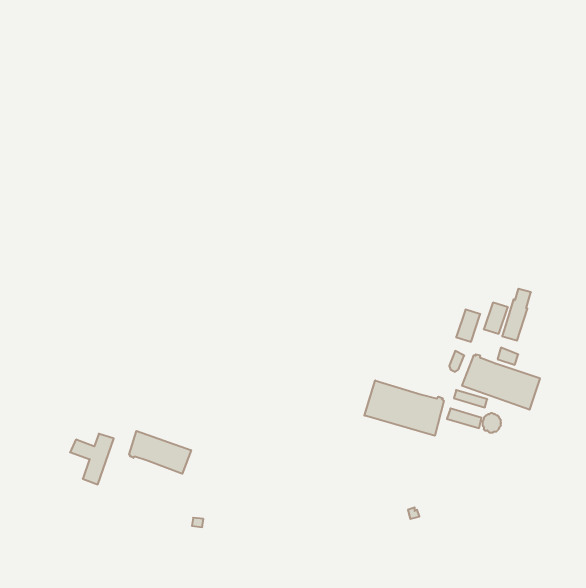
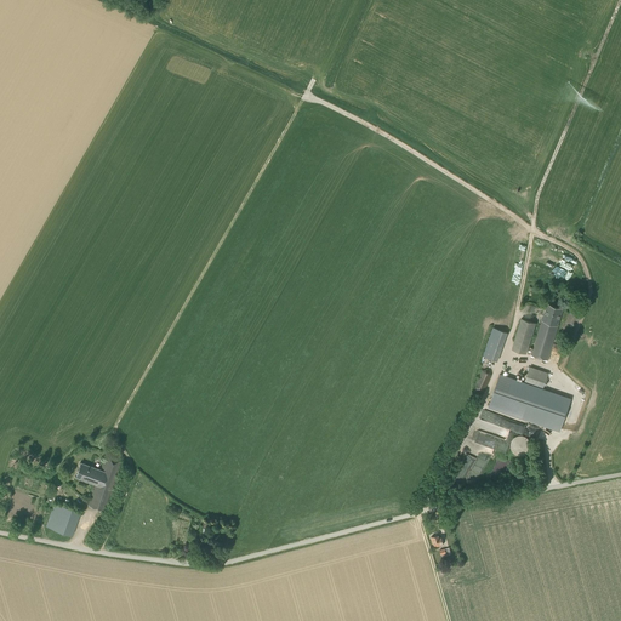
building: [364,380,444,436] -> none
building: [129,431,191,474] -> none
building: none -> [45,503,79,536]

